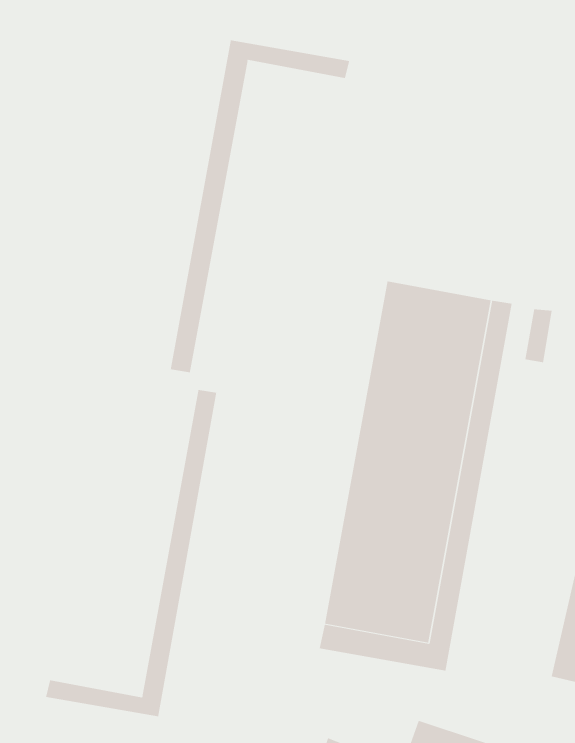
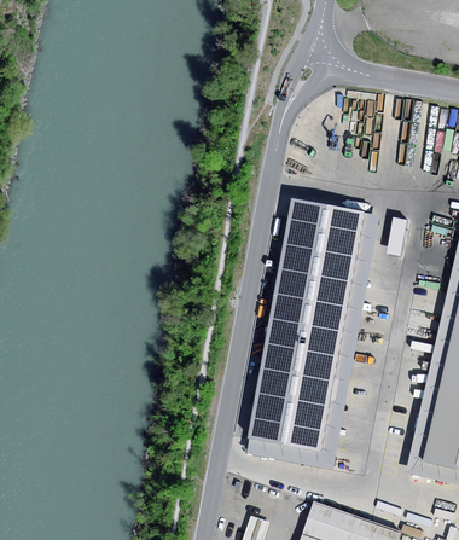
building: [170,39,350,373] -> none
building: [46,389,217,717] -> none

